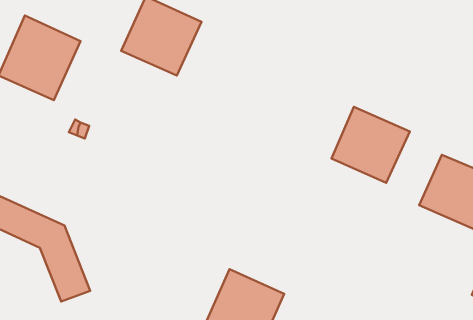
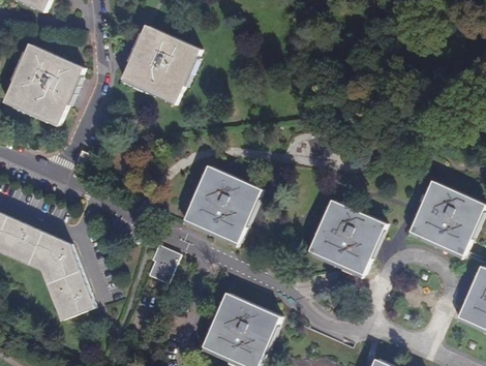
building: [331,107,410,183] -> [309,200,385,273]
building: none -> [185,164,262,241]
building: none -> [145,245,177,281]

